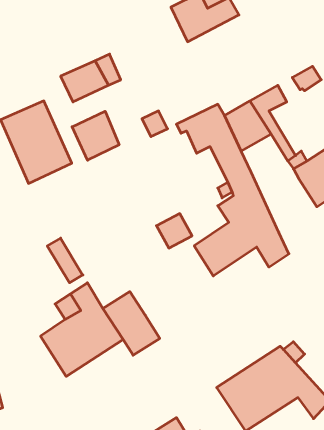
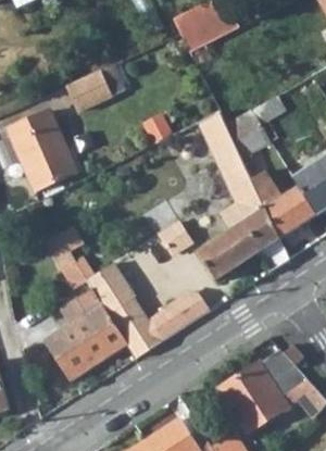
building: [72,111,119,160] -> none
building: none -> [251,171,315,238]
building: none -> [86,258,135,312]
building: none -> [148,290,208,341]

